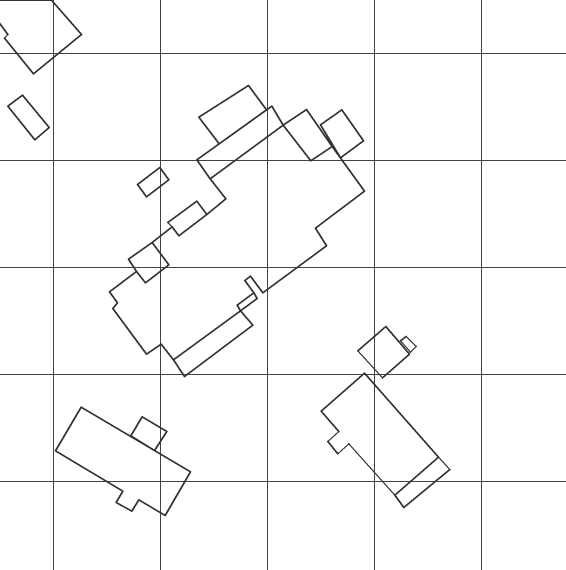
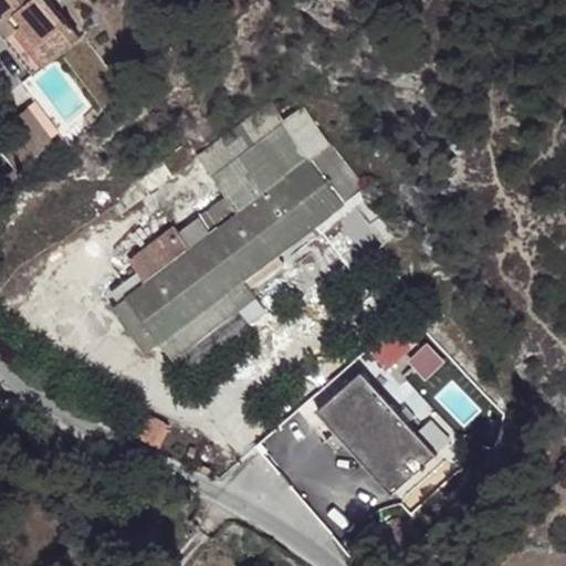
building: [199,85,266,144] -> none
building: [321,110,364,158] -> none
building: [56,407,191,516] -> none

